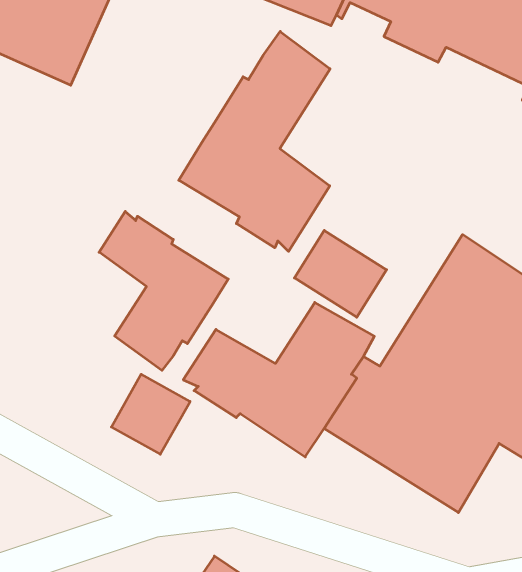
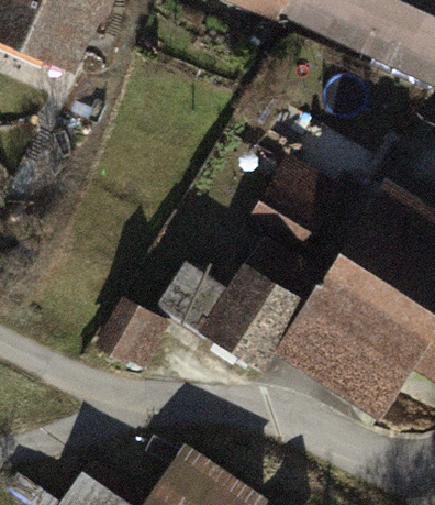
building: [179,31,330,251] -> none
building: [99,211,228,370] -> none

